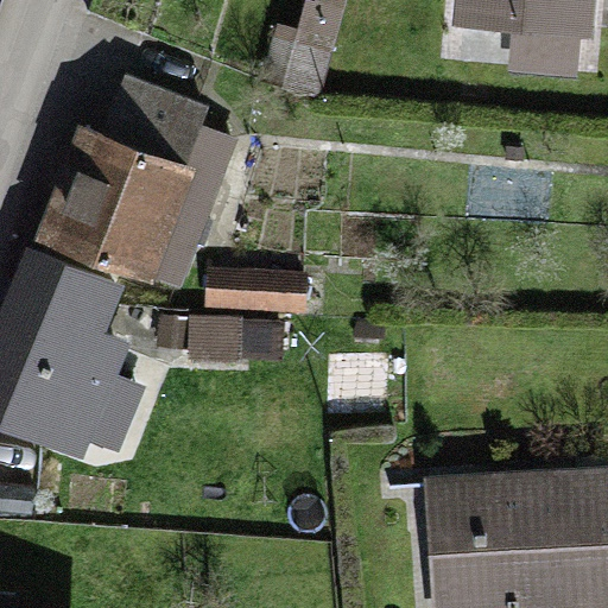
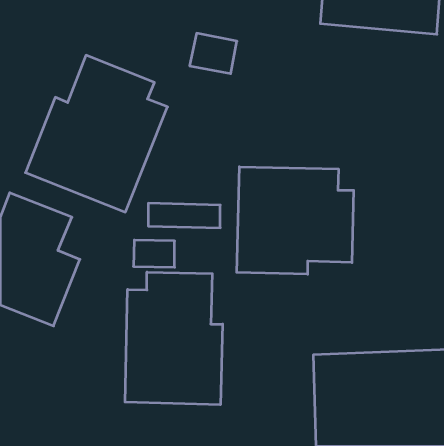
building: none -> [237,167,354,274]
building: none -> [125,272,223,405]

